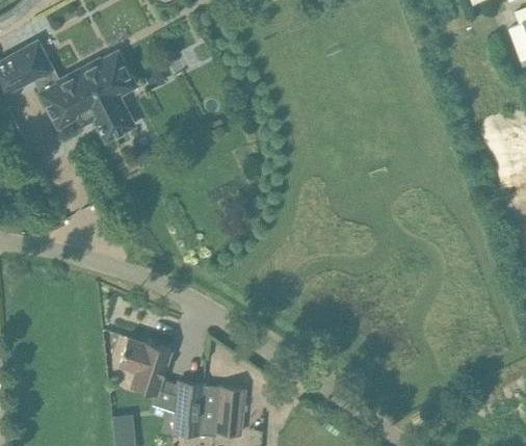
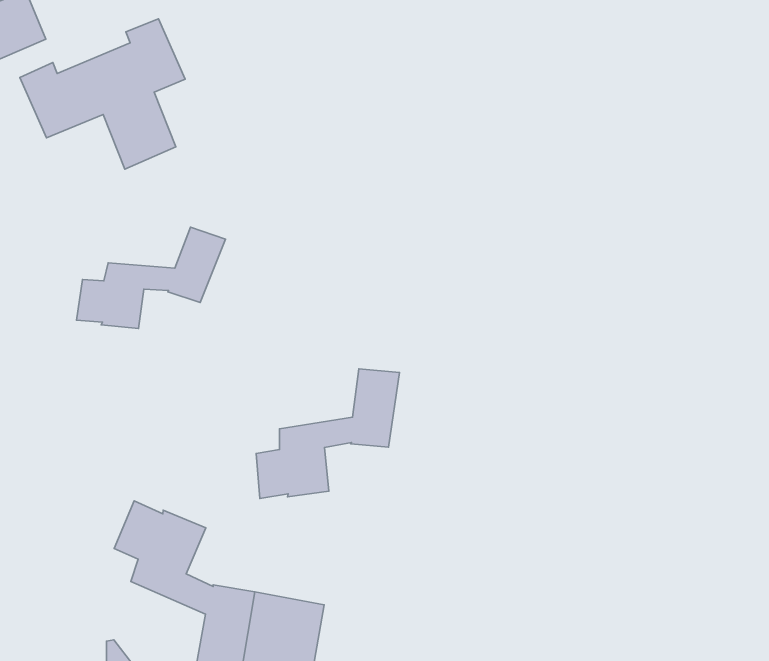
building: none -> [77,227,225,329]
building: none -> [256,369,400,499]

